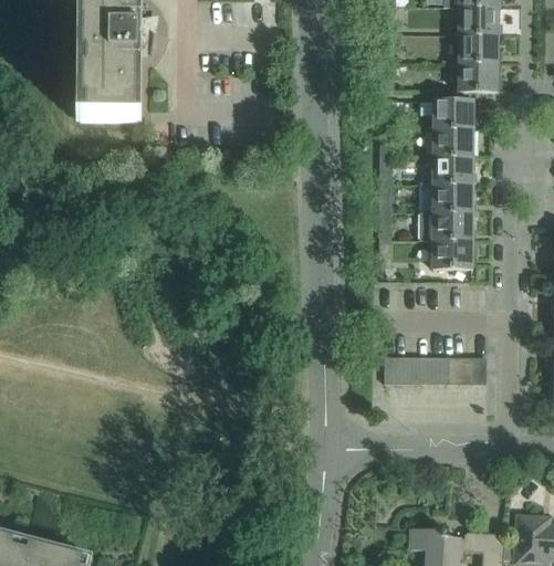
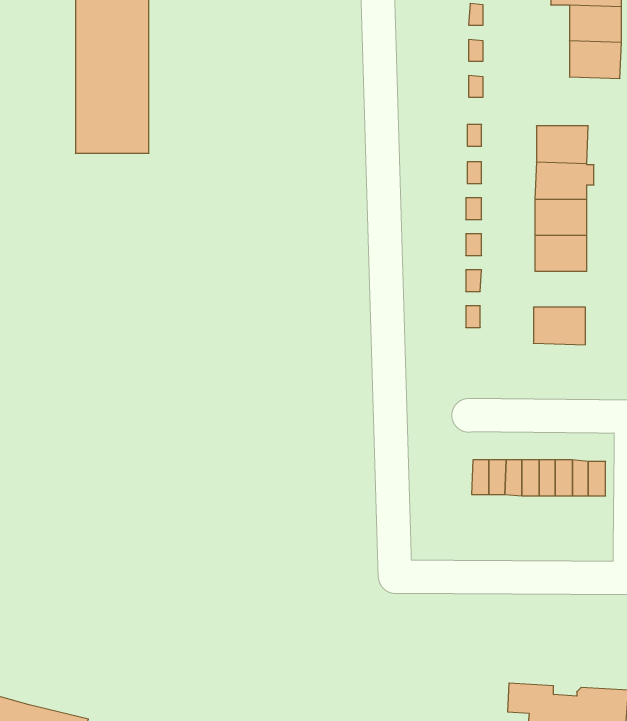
building: [459,64,498,93] -> none
building: [420,213,472,241] -> none

